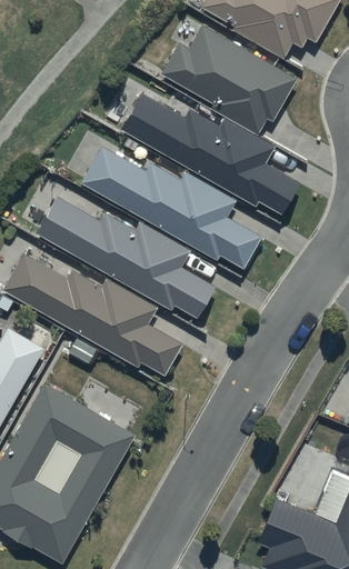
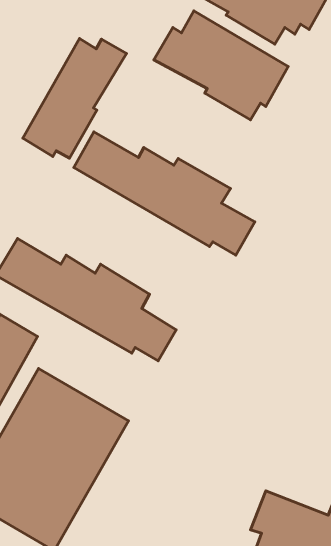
building: none -> [23,38,126,158]
building: [119,91,301,214] -> none
building: [37,194,215,317] -> none

